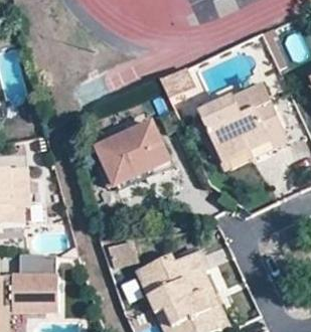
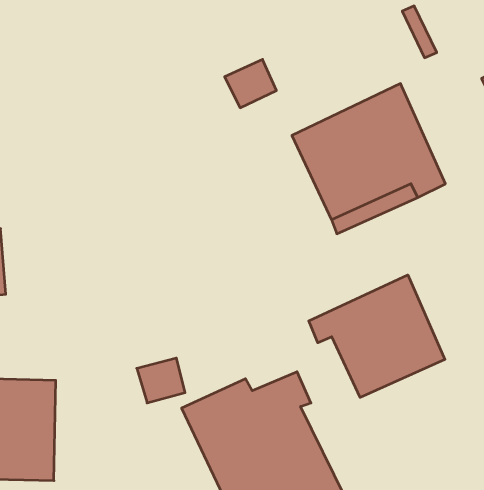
building: [93,124,167,186] -> none
building: none -> [309,275,445,397]

